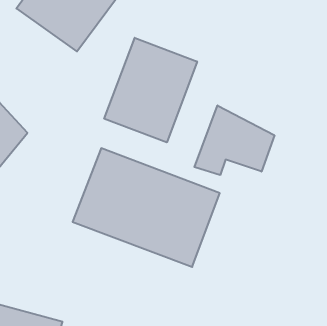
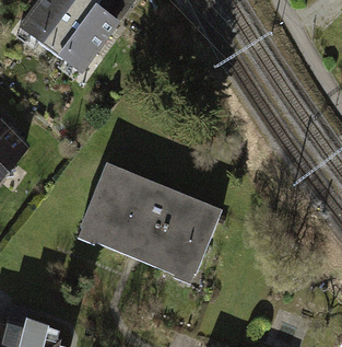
building: [104,38,197,142] -> none
building: [194,105,274,175] -> none

